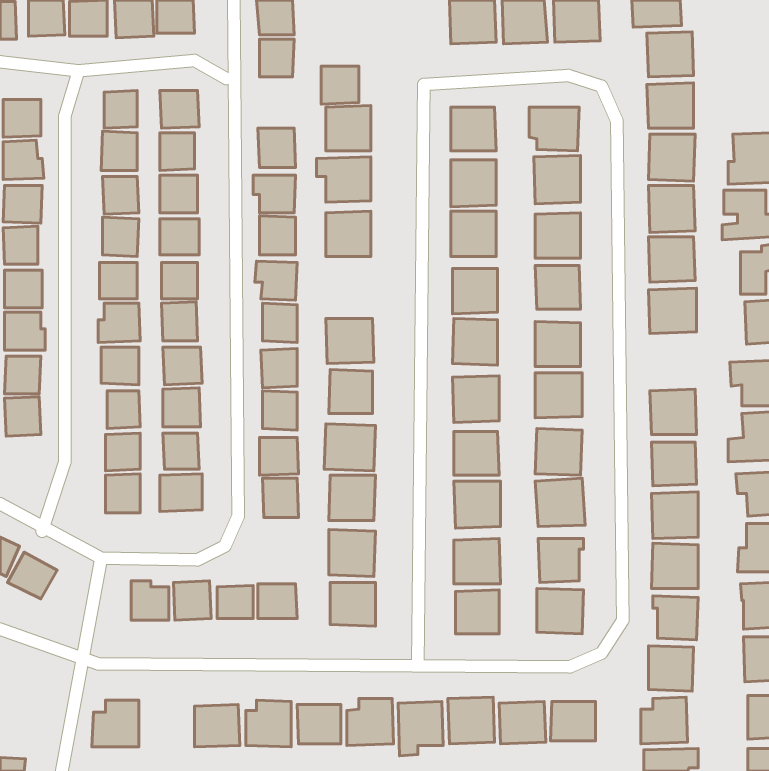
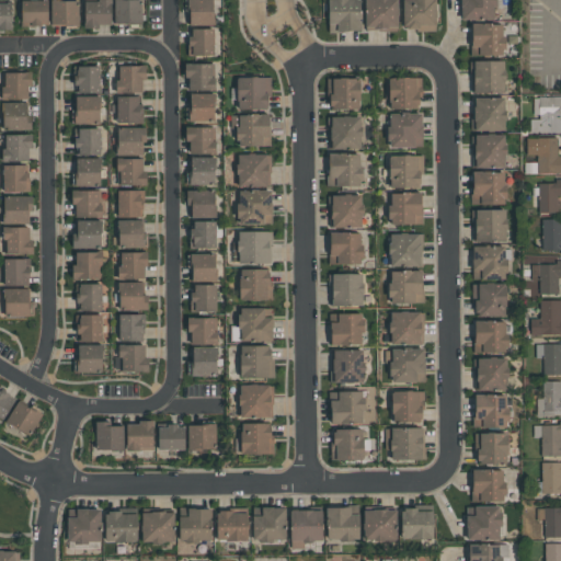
building: [321,66,359,104] -> [187,64,215,91]
building: none -> [238,190,273,225]
building: none -> [472,245,507,279]
building: none -> [105,512,138,541]

